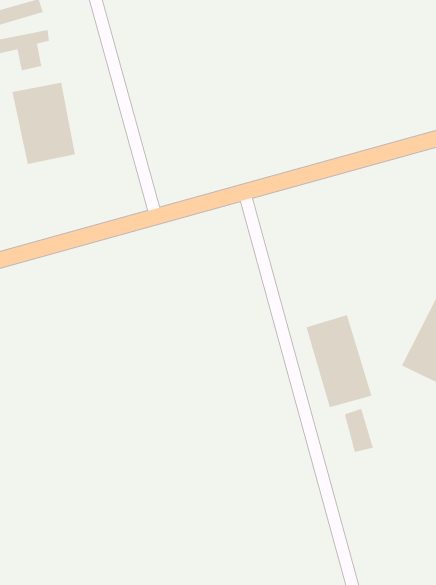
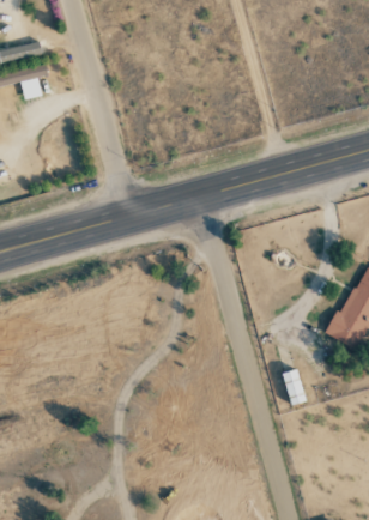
building: [11,82,76,165] -> none
building: [306,314,373,408] -> none

